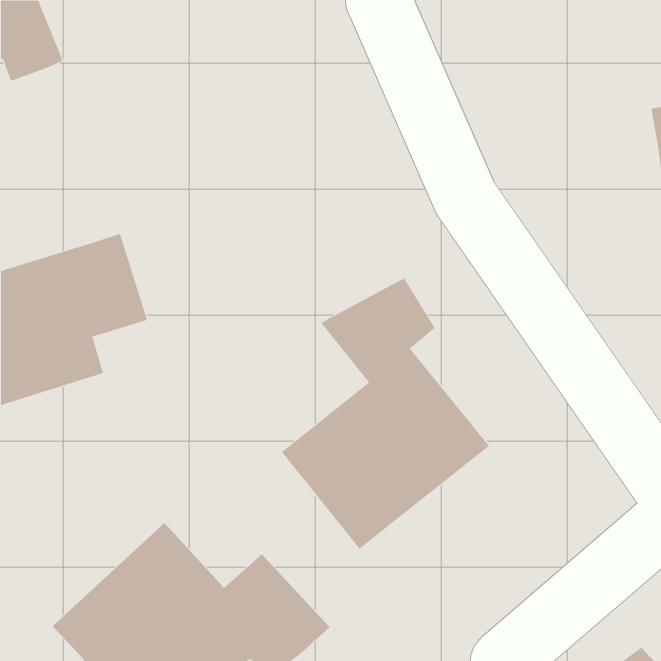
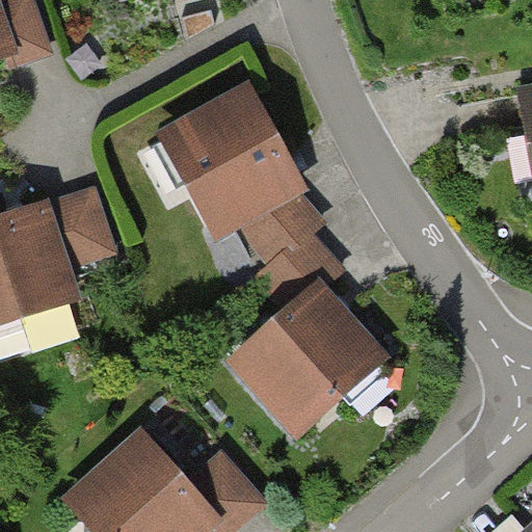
building: none -> [142,78,325,260]

